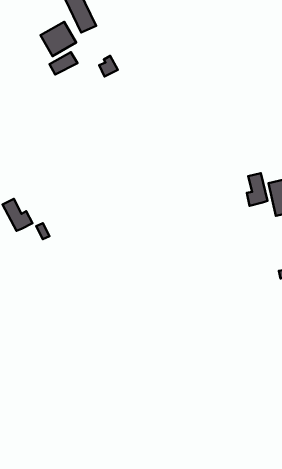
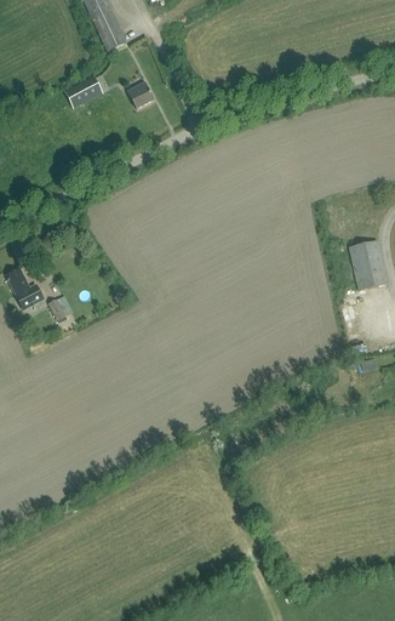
building: [40,22,76,56] -> none
building: [247,173,267,206] -> none

